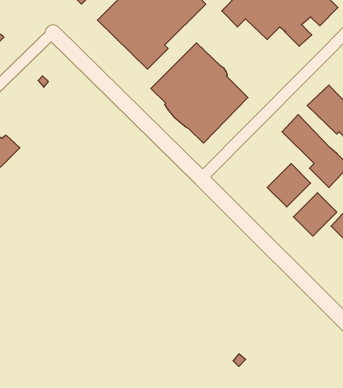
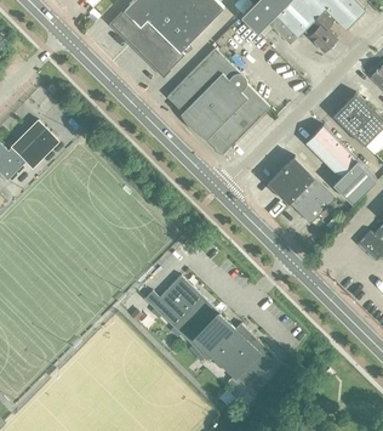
building: none -> [12,120,58,168]
building: [293,193,337,236] -> [269,157,315,203]
building: none -> [143,276,275,386]

